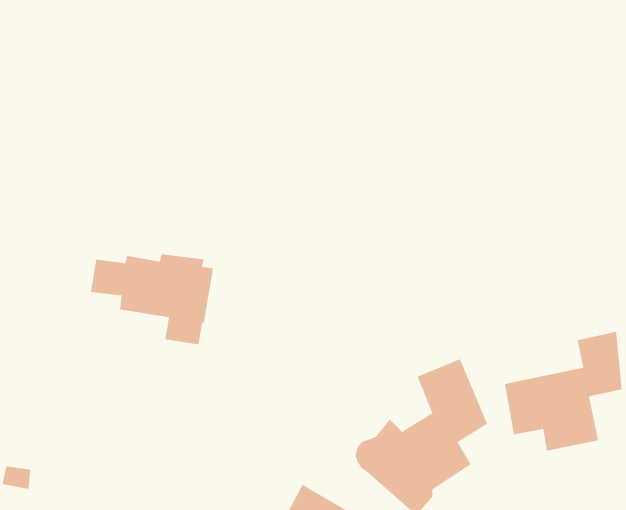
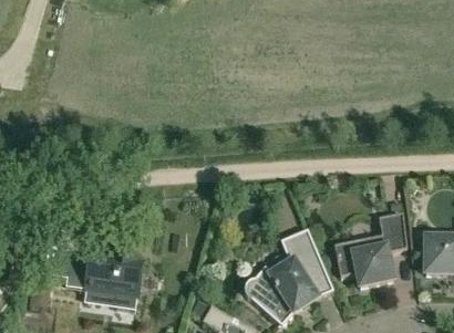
building: [90,254,214,345] -> [68,256,143,311]

